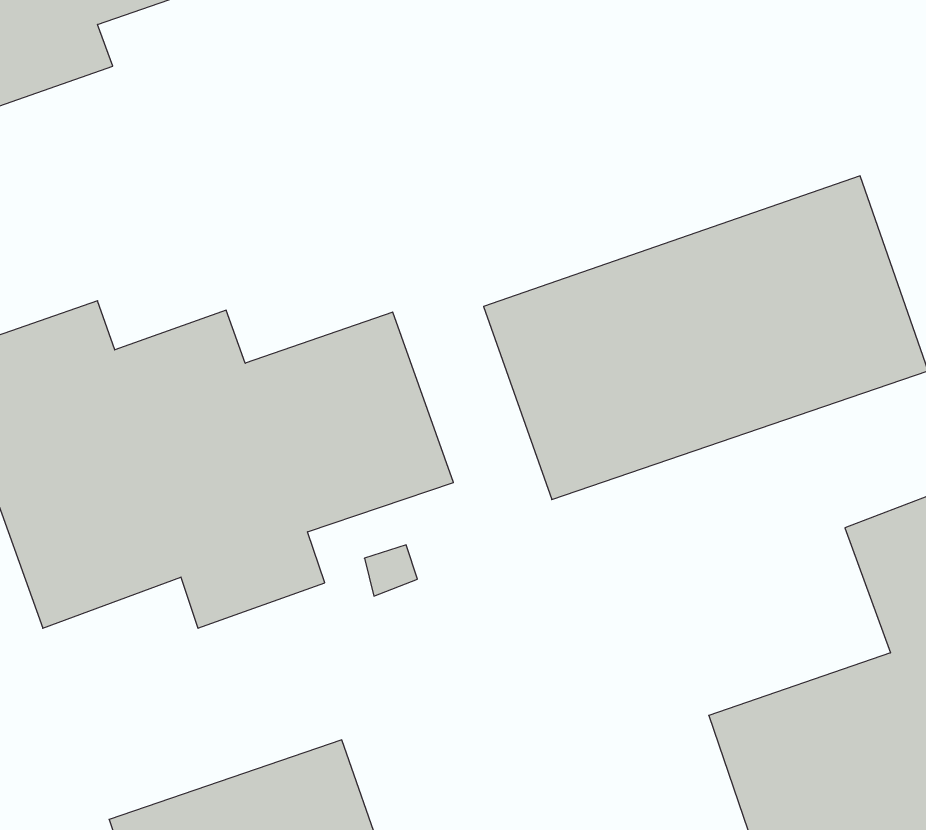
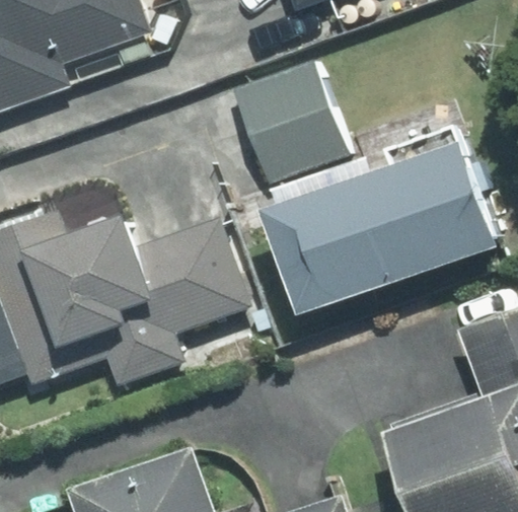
building: none -> [231,60,347,182]

